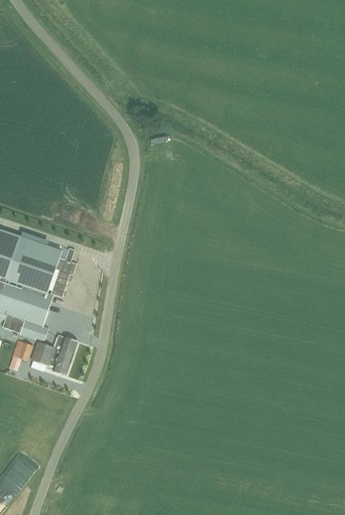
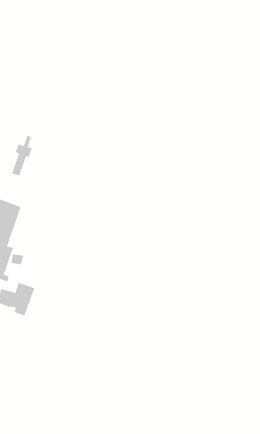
building: [49,246,75,295] -> [11,135,33,176]

